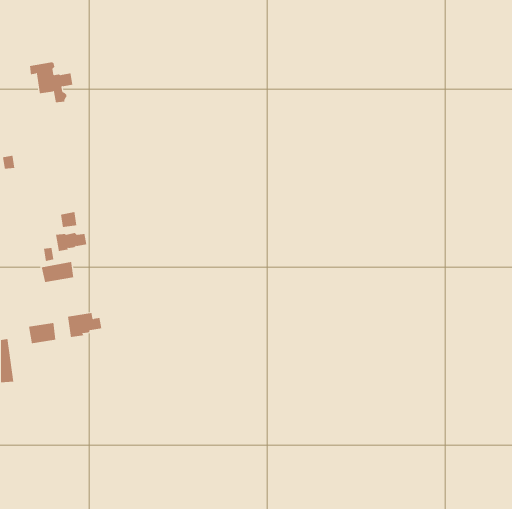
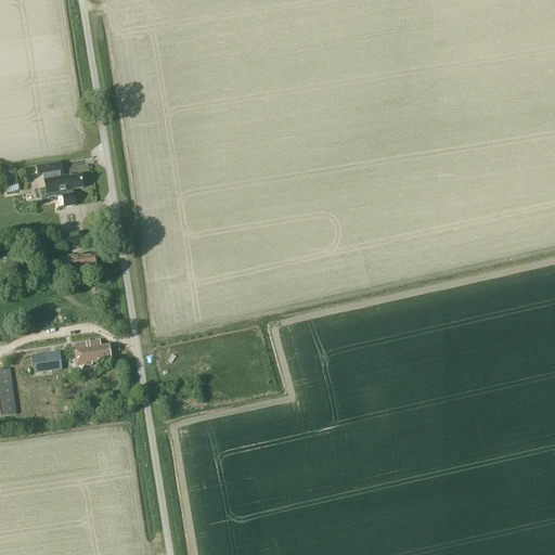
building: [29,62,73,103] -> [35,160,82,205]
building: [41,261,74,283] -> none

